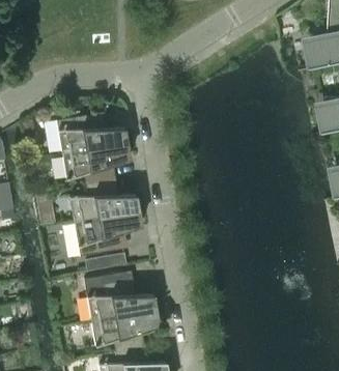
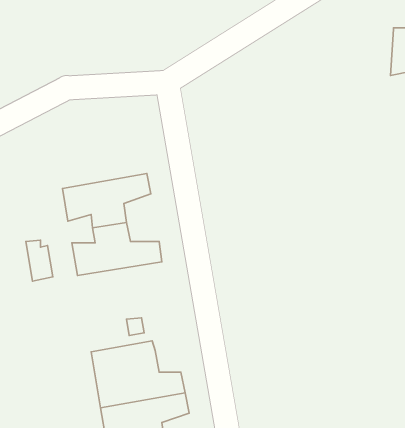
building: [55,113,125,155] -> none
building: [73,211,140,257] -> none

